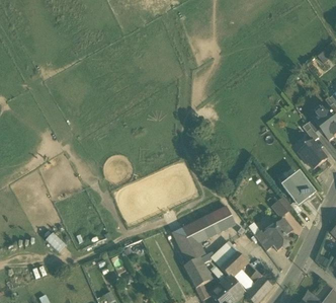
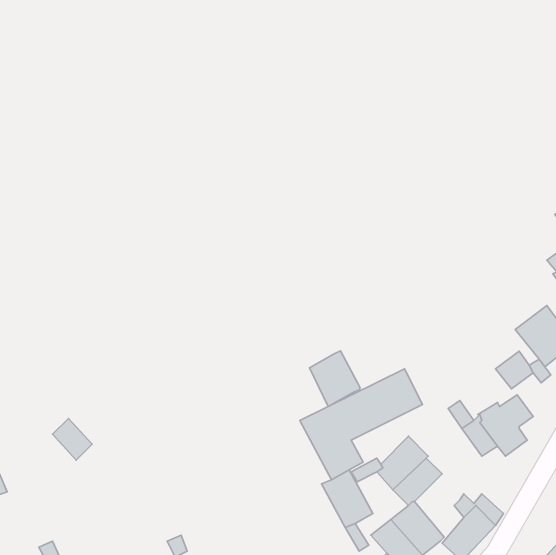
building: none -> [310,351,360,407]

